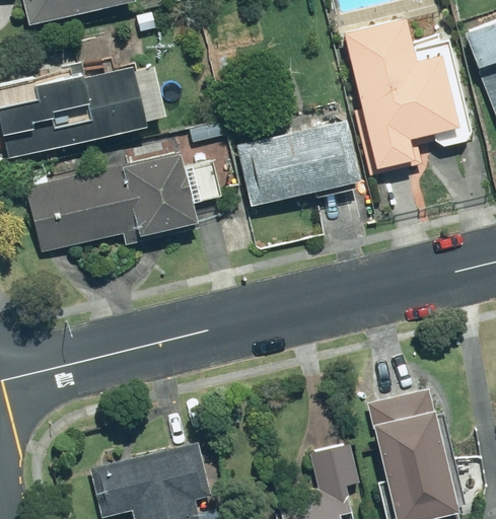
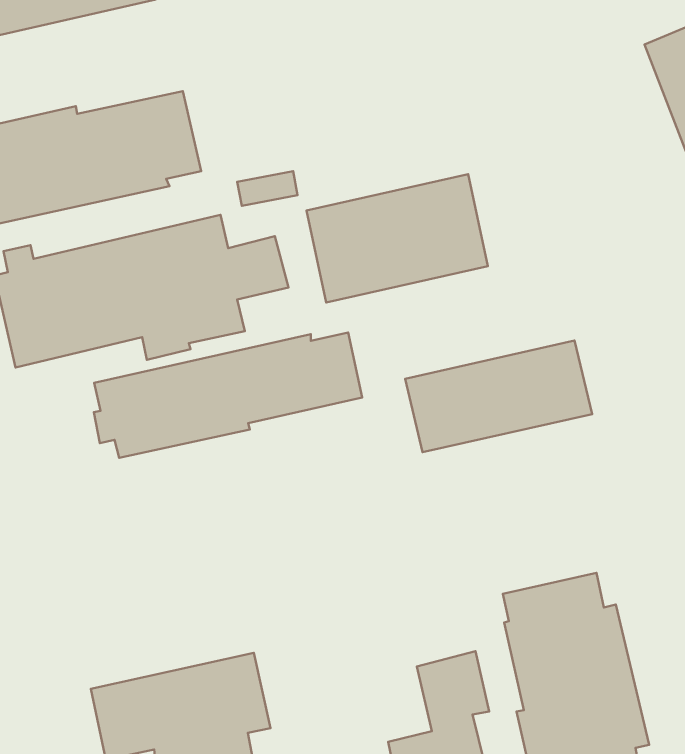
building: [343,19,473,176] -> none
building: none -> [94,332,362,458]
building: none -> [405,341,592,452]

